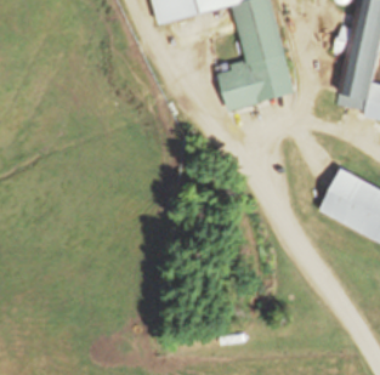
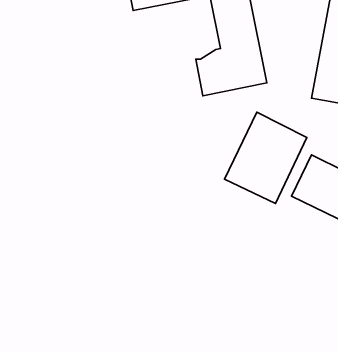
building: none -> [224,112,307,204]

